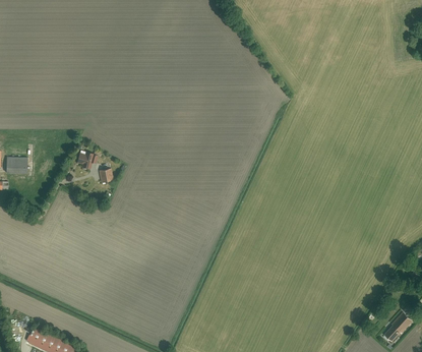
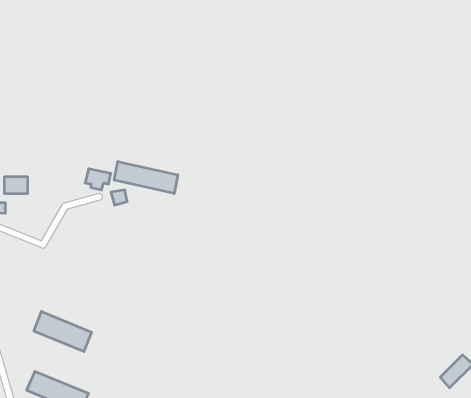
building: none -> [114,161,178,194]
building: none -> [34,311,91,352]

